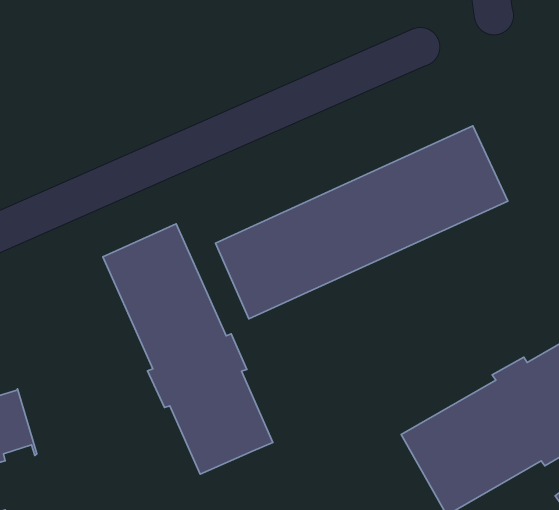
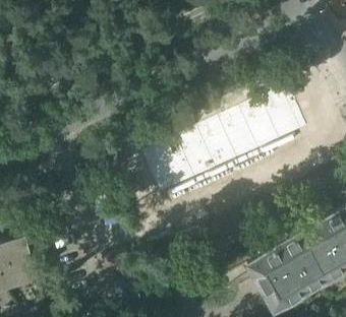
building: [103,224,273,474] -> none

